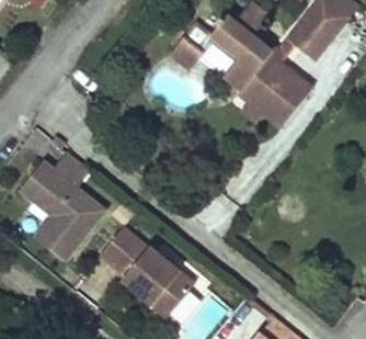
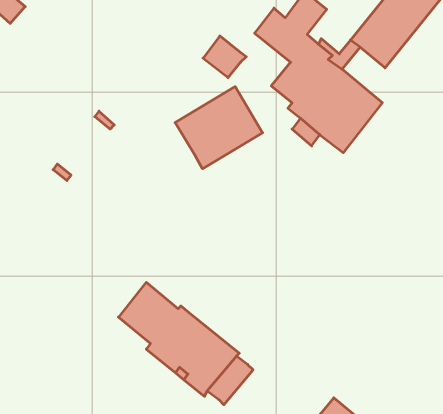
building: none -> [175,87,263,169]
building: [23,154,107,262] -> none

